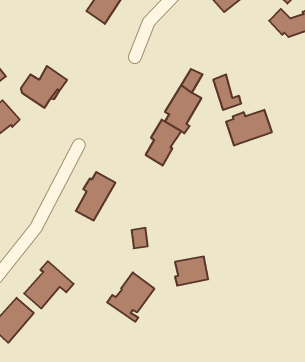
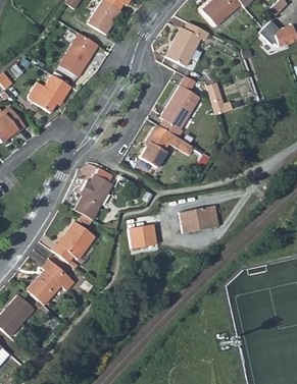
building: none -> [166,19,209,63]
building: none -> [56,33,96,76]
building: [226,110,272,146] -> none
building: [175,257,208,286] -> [182,206,213,233]
building: [107,272,154,322] -> [50,221,95,268]

